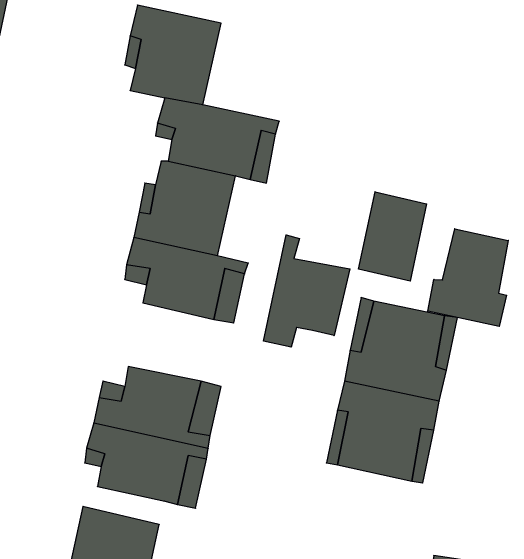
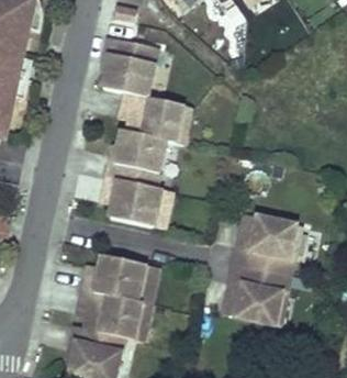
building: [359,192,427,281] -> none
building: [428,229,508,326] -> none
building: [264,235,350,347] -> none

